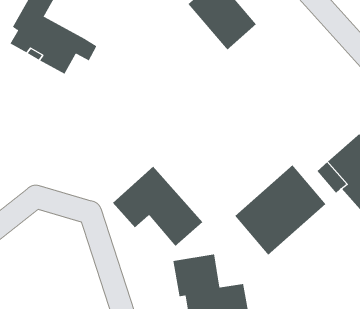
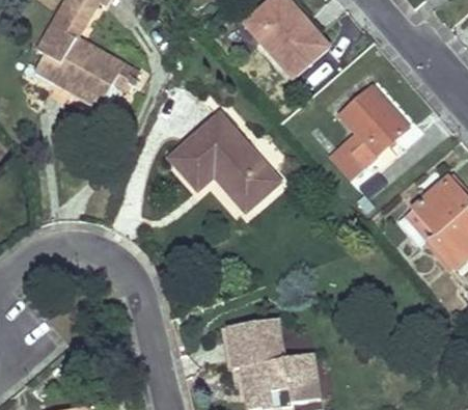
building: none -> [332,84,408,176]
building: [235,165,326,255] -> none
building: [112,166,203,247] -> [169,114,277,210]

